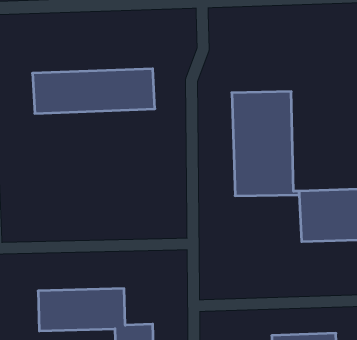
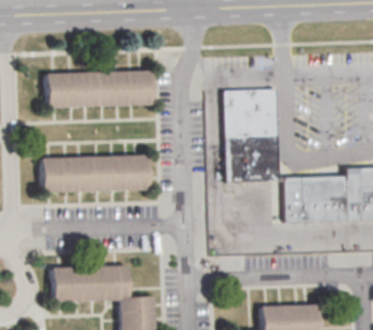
building: none -> [41,152,149,192]

